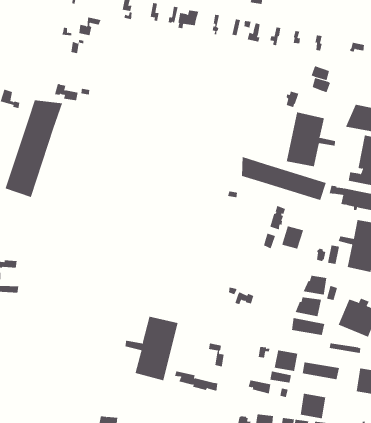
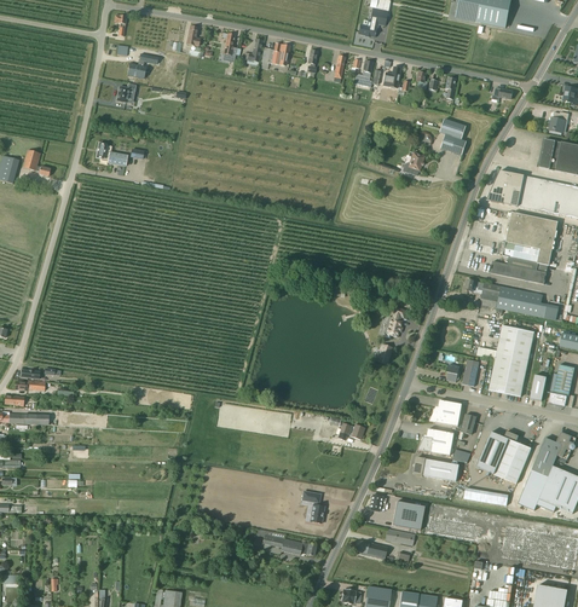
building: [5,100,63,198] -> none
building: [286,111,336,167] -> none
building: [242,156,327,201] -> none
building: [281,225,304,250] -> none
building: [125,316,178,381] -> none
building: [300,393,326,419] -> none

